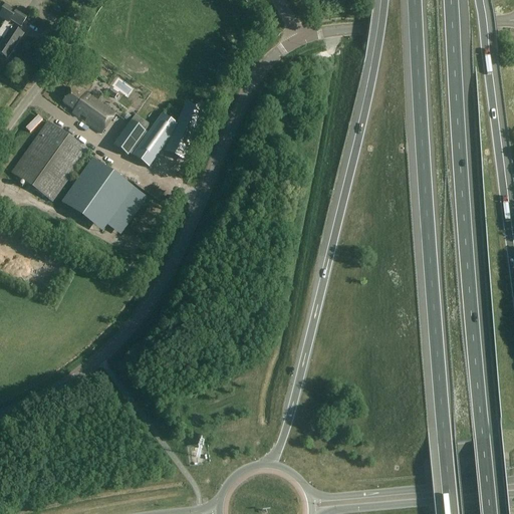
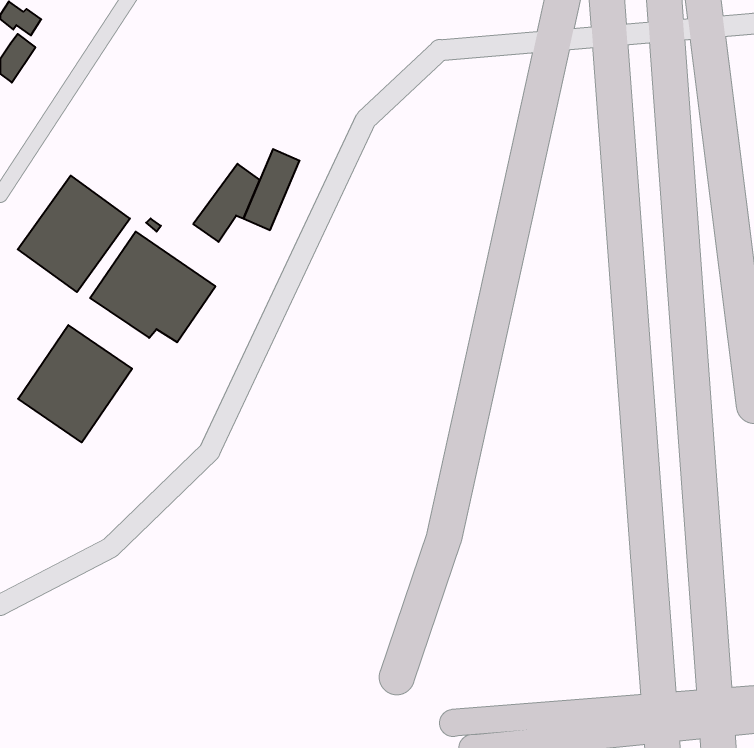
building: [63,84,115,131] -> none
building: [113,111,151,153] -> none
building: none -> [18,325,132,442]

